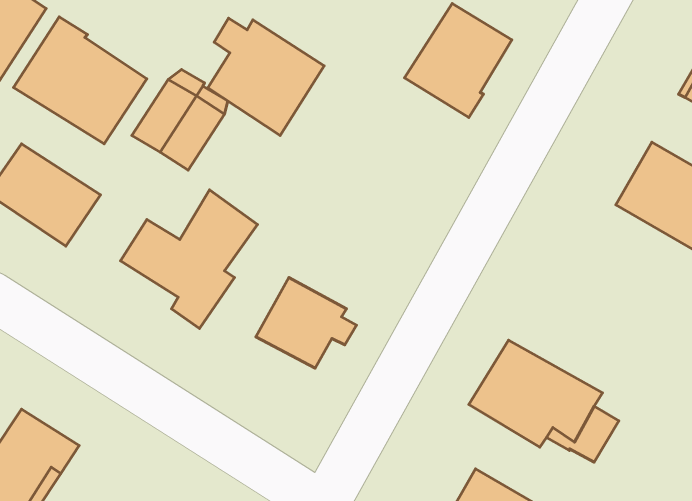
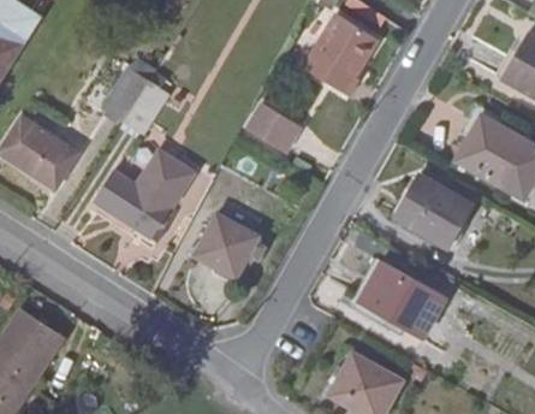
building: [13,17,147,144] -> none
building: [208,18,324,136] -> none
building: none -> [243,111,296,156]
building: none -> [394,173,472,248]

